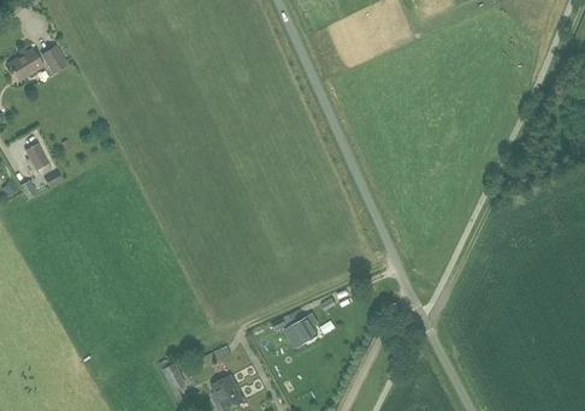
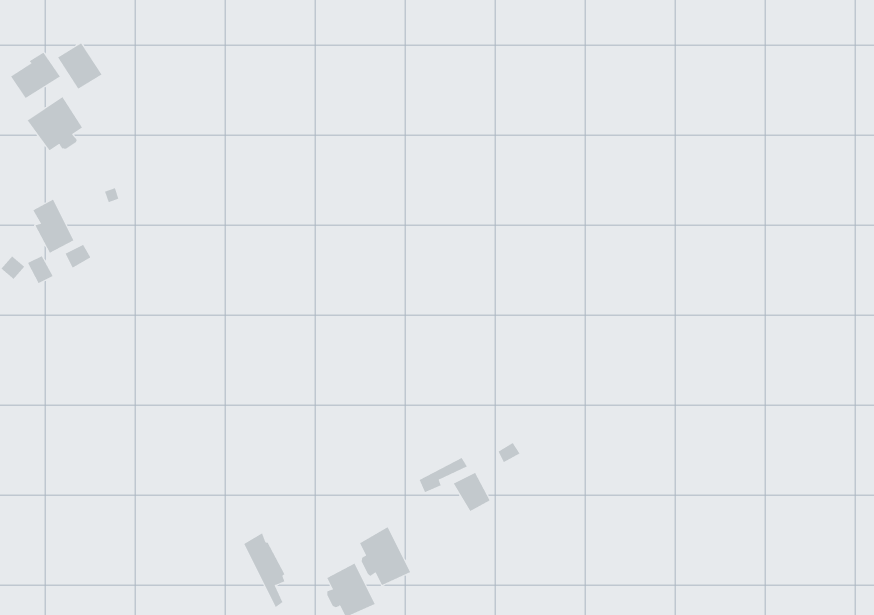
building: none -> [27,96,83,151]
building: none -> [359,526,411,586]

